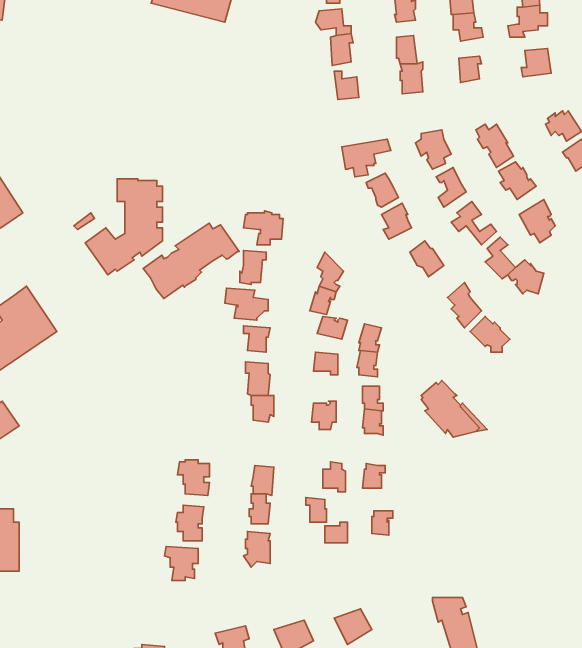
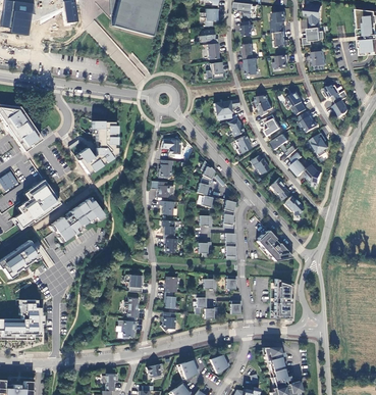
building: [143,223,239,299] -> [51,200,103,241]
building: none -> [269,279,290,318]

